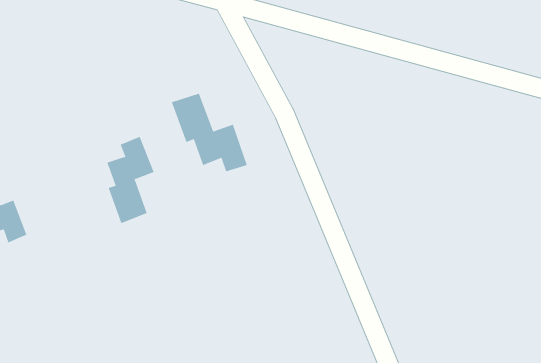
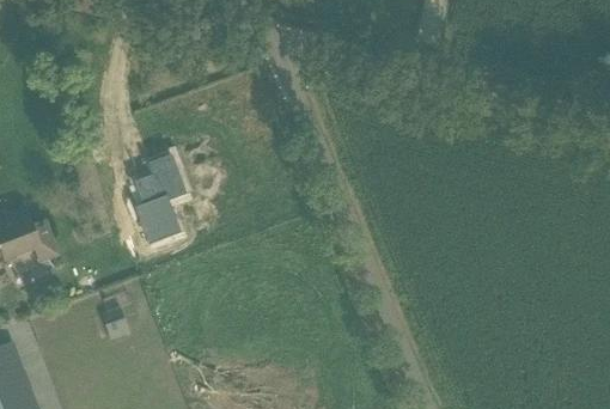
building: [171,93,247,172] -> none

